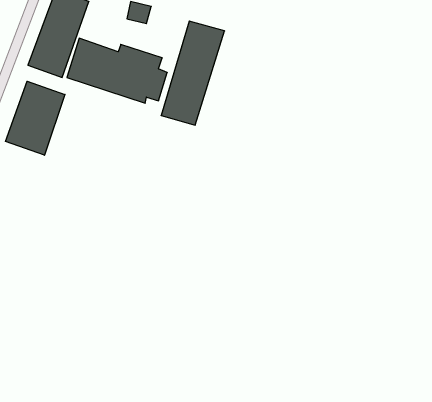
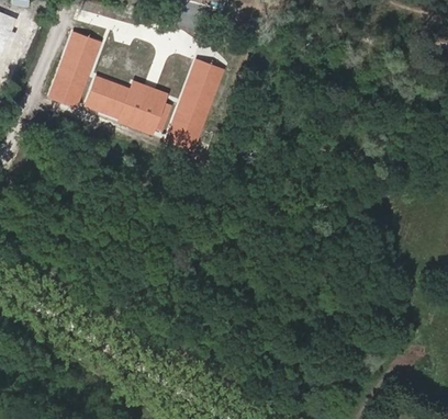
building: [5,81,65,155] -> none

